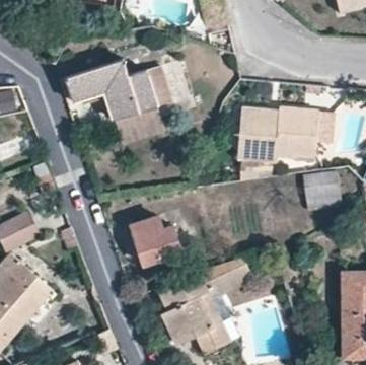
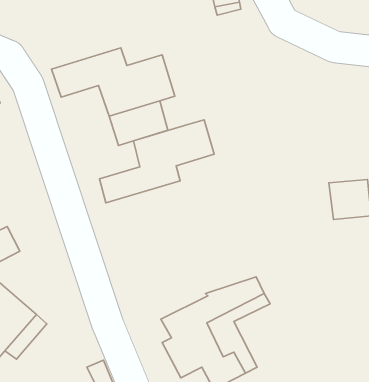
building: [235,107,333,161] -> none
building: none -> [99,120,214,203]
building: [130,217,180,263] -> none

